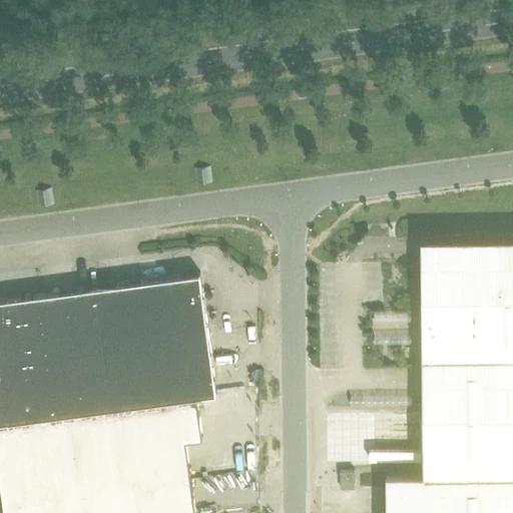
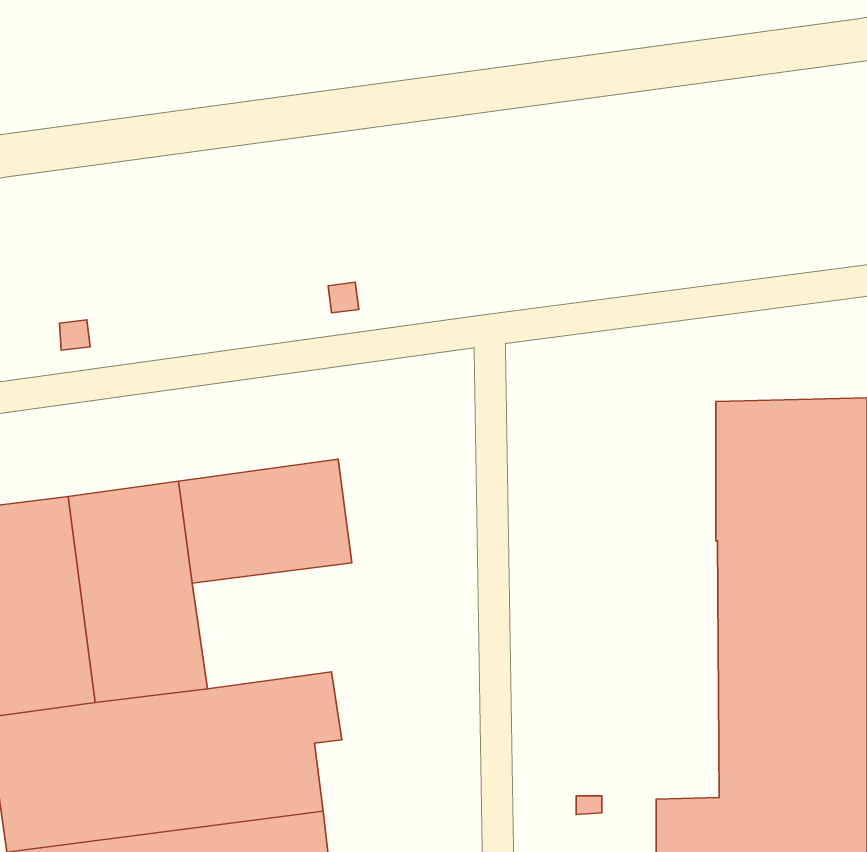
building: [113,342,215,416] -> none

